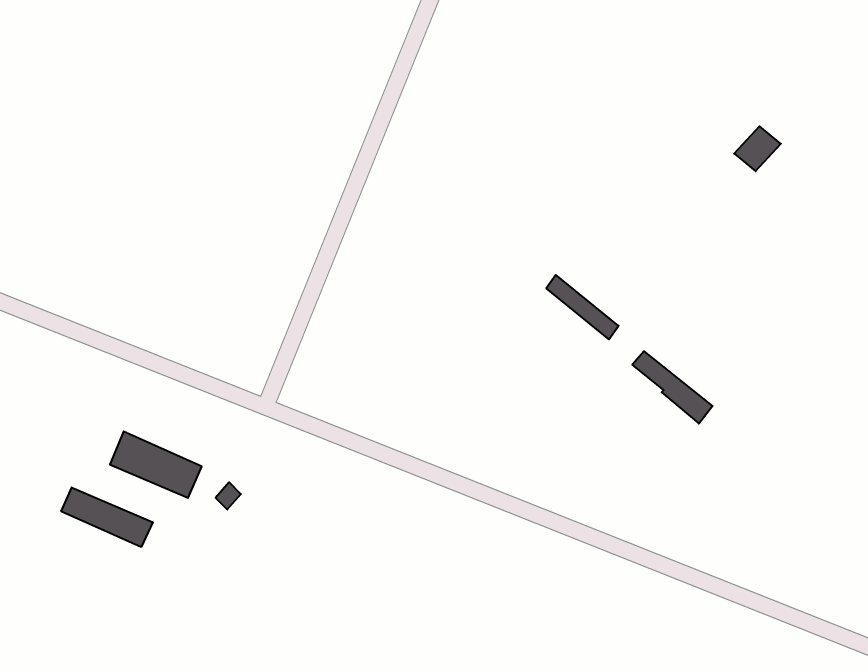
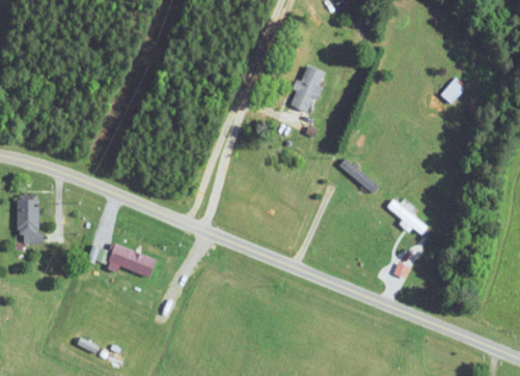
building: none -> [292,65,326,112]
building: [61,487,153,547] -> none

